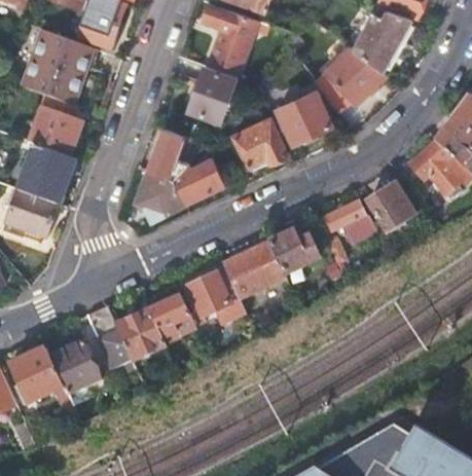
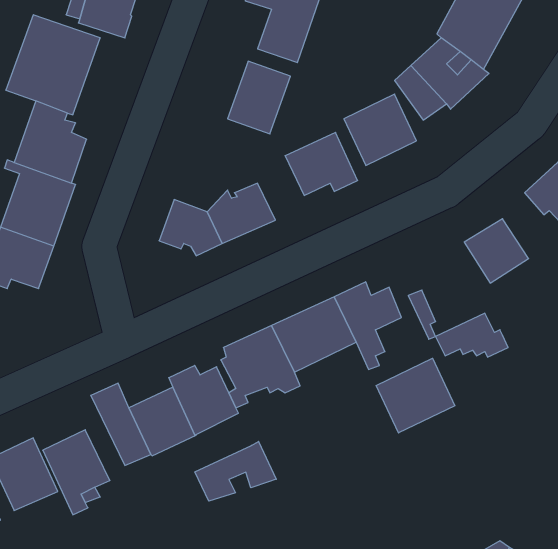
building: [149,127,190,178] -> none
building: [319,202,373,234] -> [436,313,508,357]
building: none -> [376,358,455,433]
building: none -> [195,441,276,501]

